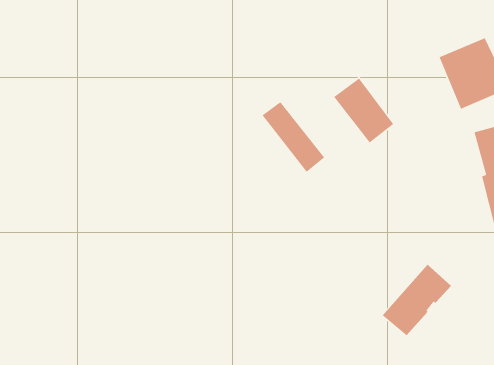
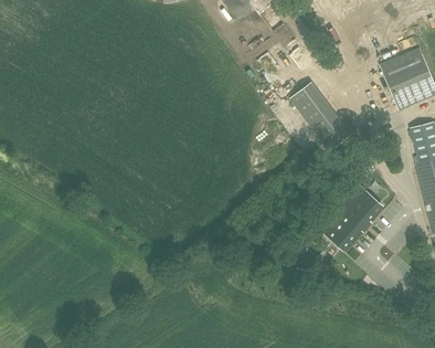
building: [262,101,325,173] -> none
building: [382,264,452,336] -> [322,188,382,250]

